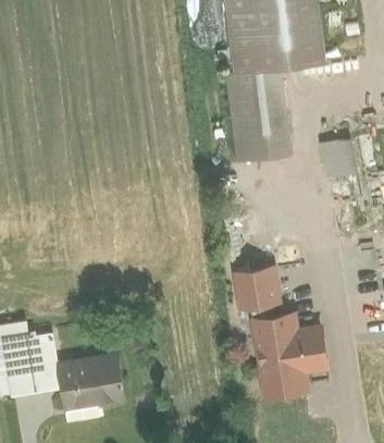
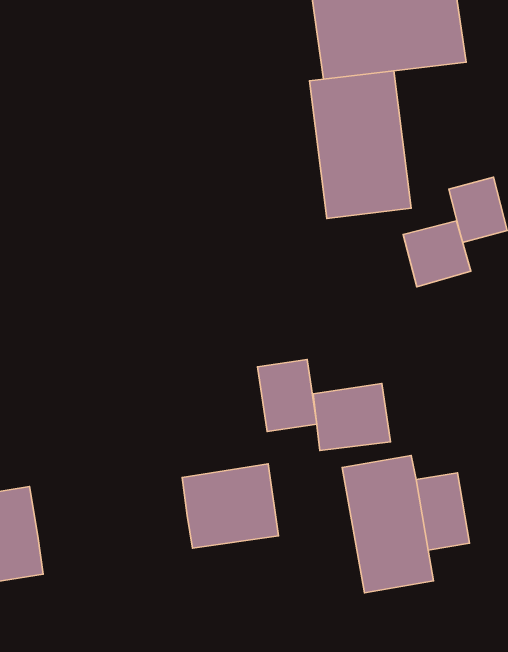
building: none -> [403,221,471,287]
building: none -> [258,359,317,432]
building: [58,355,119,408] -> [182,464,278,548]

